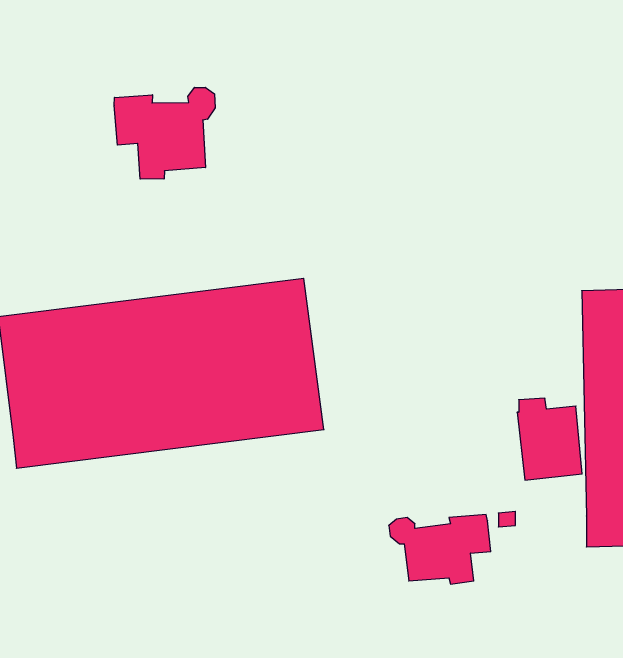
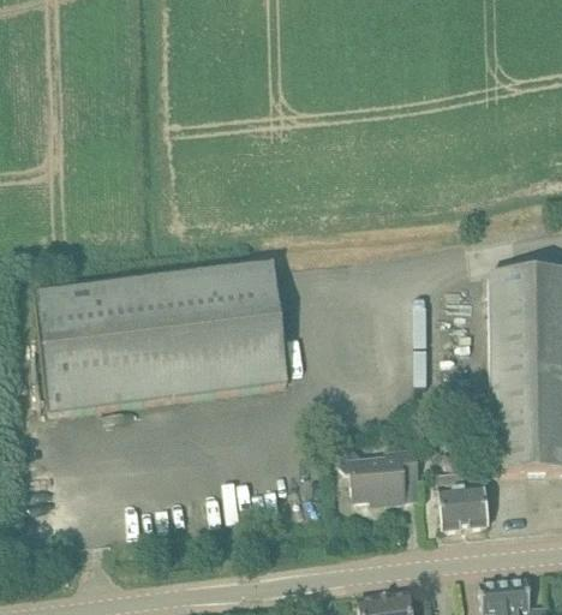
building: [114,87,215,179] -> none
building: [517,398,582,480] -> [437,462,488,526]

